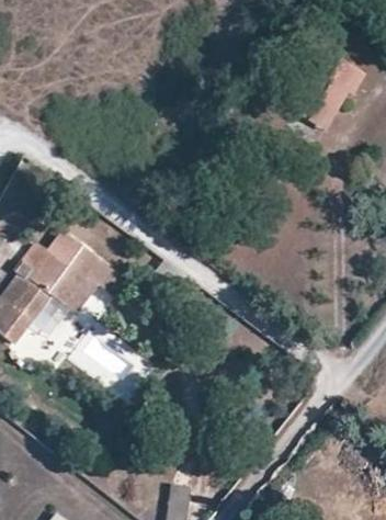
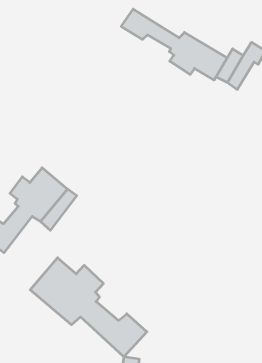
building: none -> [121,9,227,80]
building: none -> [30,258,147,357]

